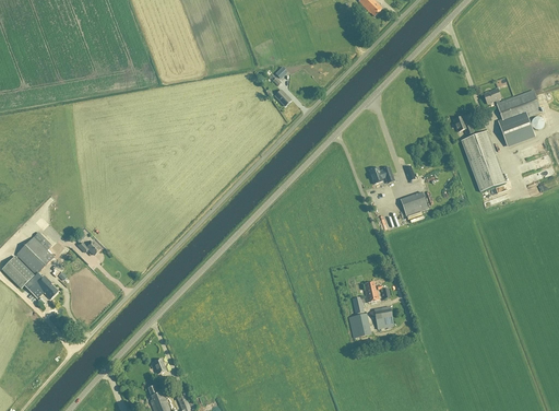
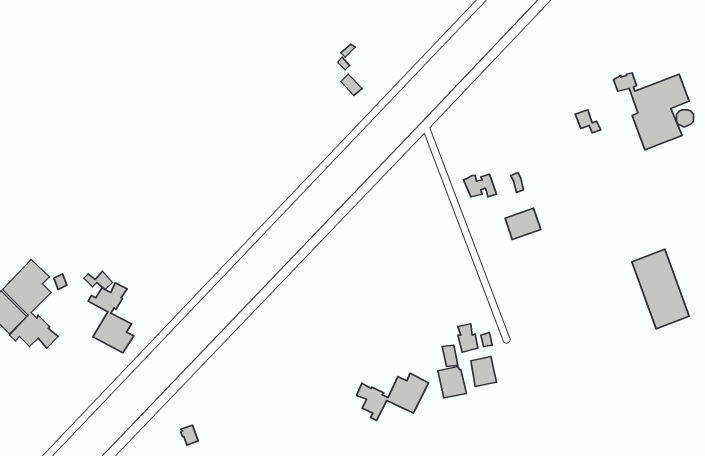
building: [461,131,504,192] -> [632,249,689,329]
building: none -> [88,283,134,353]
building: none -> [356,373,428,420]

